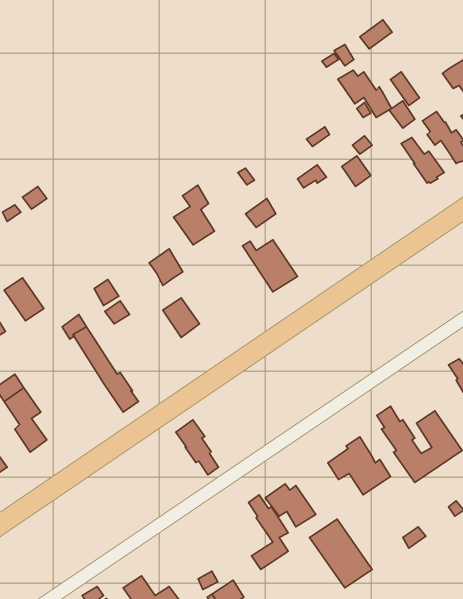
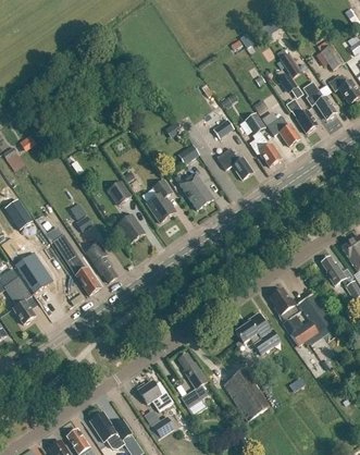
building: [338,70,391,117] -> [261,111,299,145]
building: [173,185,215,245] -> [146,179,175,221]
building: none -> [250,135,281,165]
building: none -> [216,147,252,179]
building: none -> [13,249,54,294]
building: [176,420,219,475] -> [86,242,116,281]
building: [265,484,316,527] -> [137,380,173,410]

